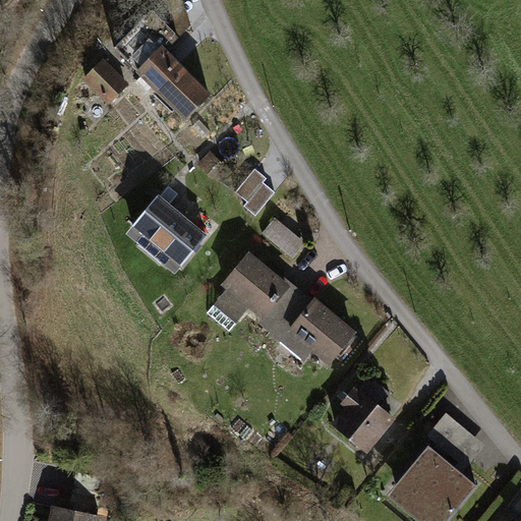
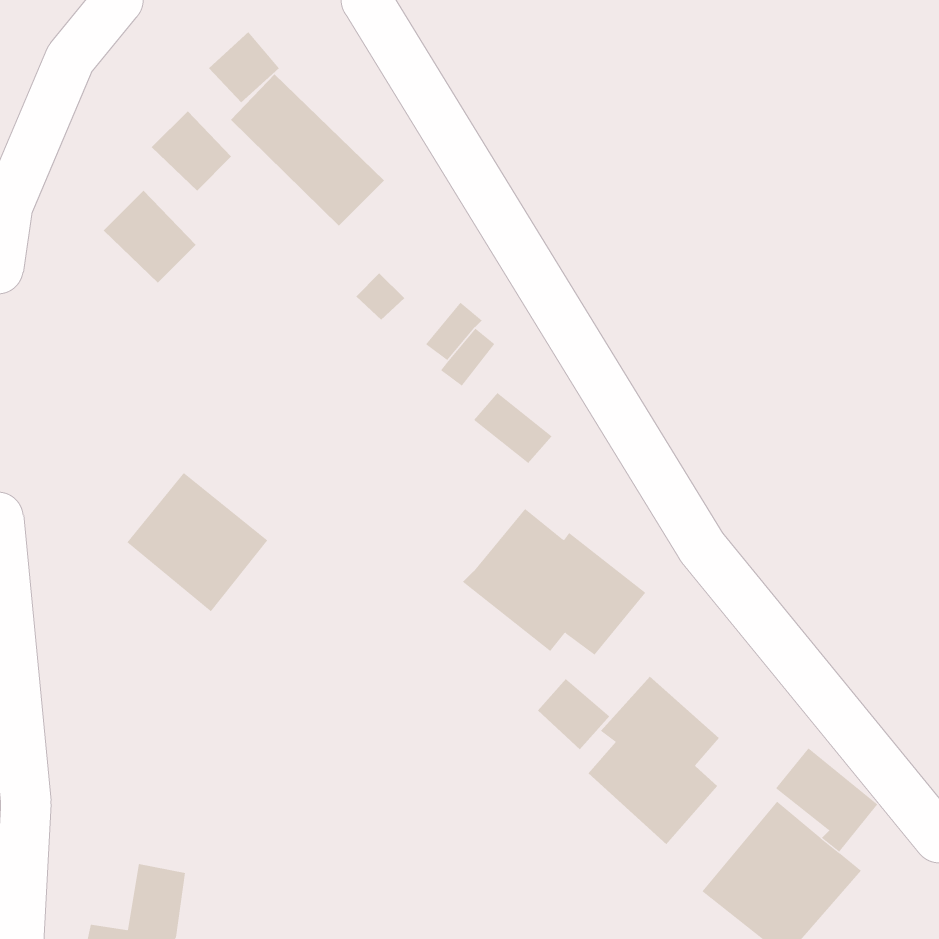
building: none -> [103,190,197,283]
building: [127,192,206,270] -> [126,472,268,612]
building: [214,248,290,322] -> none
building: none -> [537,678,610,750]

